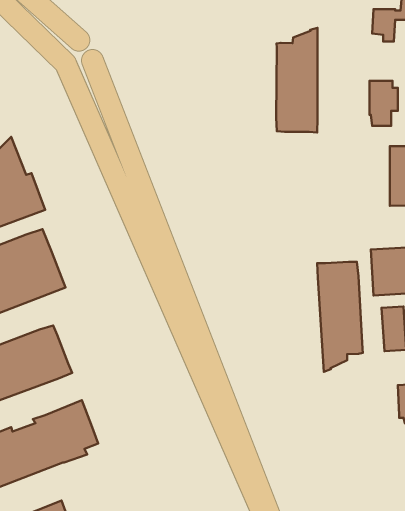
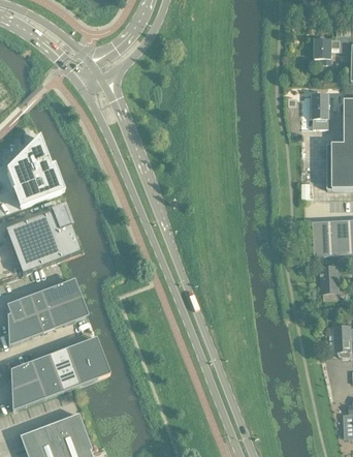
building: [276,28,317,132] -> none
building: [317,262,363,372] -> none

